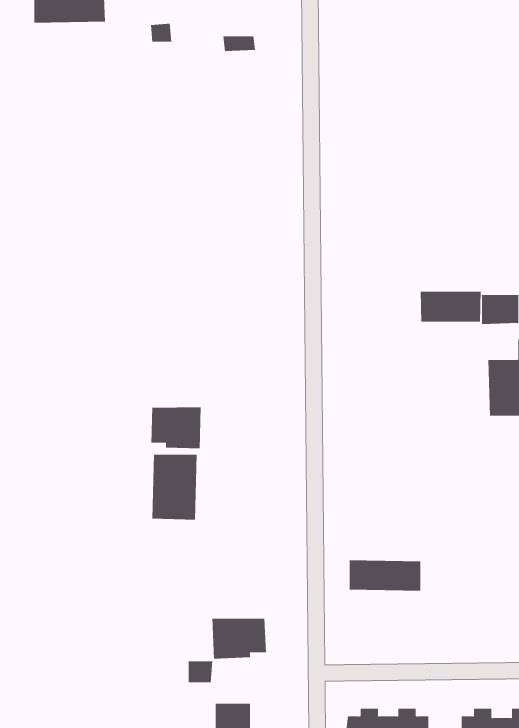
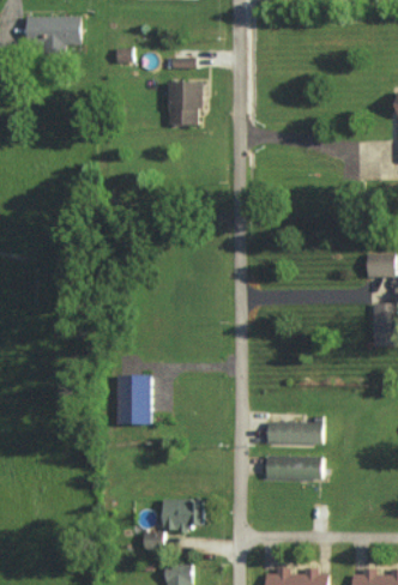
building: none -> [168,82,203,125]
building: [420,291,481,323] -> none
building: [151,406,201,449] -> none
building: none -> [266,421,322,444]

